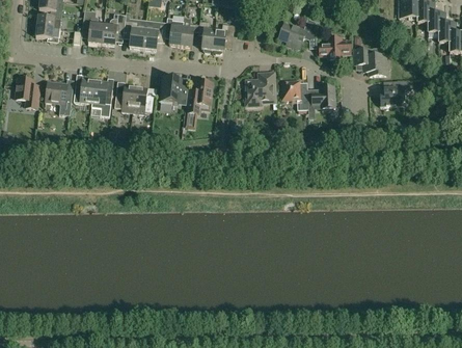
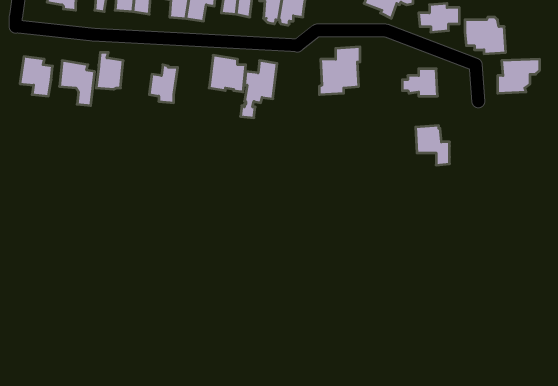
building: [91,77,113,115] -> none
building: [281,79,307,109] -> [416,126,450,165]
building: [133,85,153,113] -> none

